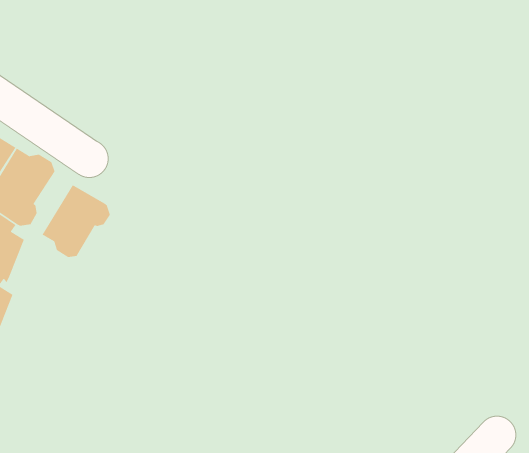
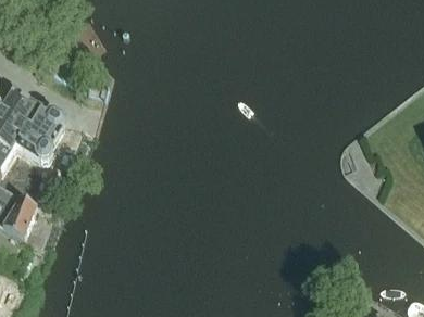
building: [41,184,111,258] -> none

